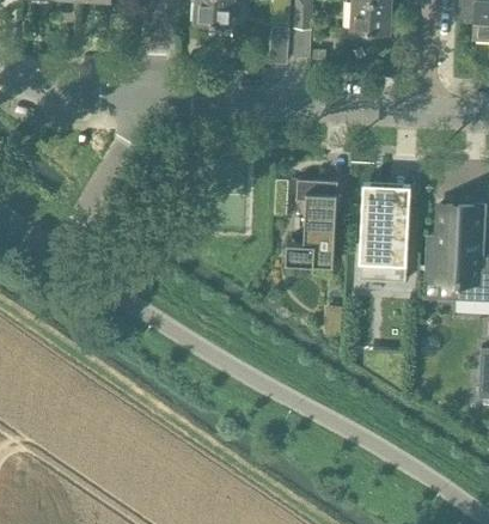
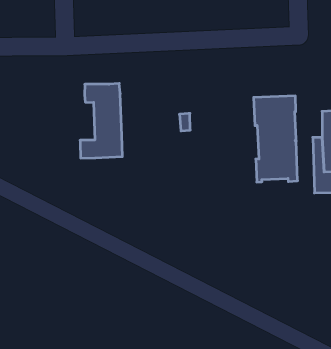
building: [286,178,337,264] -> [80,83,122,158]

